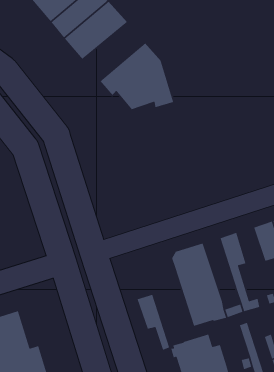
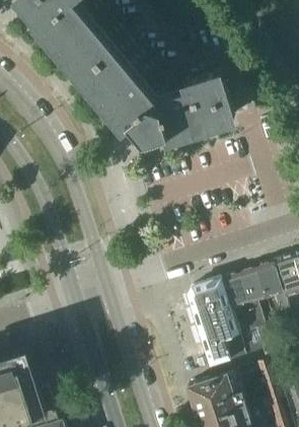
building: none -> [94,51,160,113]
building: none -> [177,76,234,135]
building: none -> [256,266,291,322]
building: [136,294,170,351] -> [221,277,256,337]

